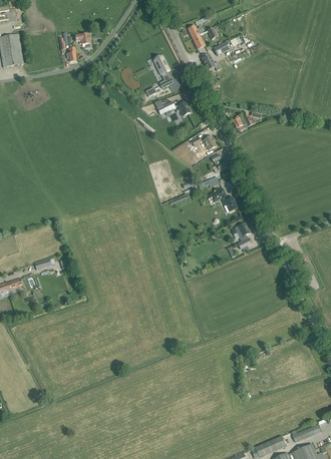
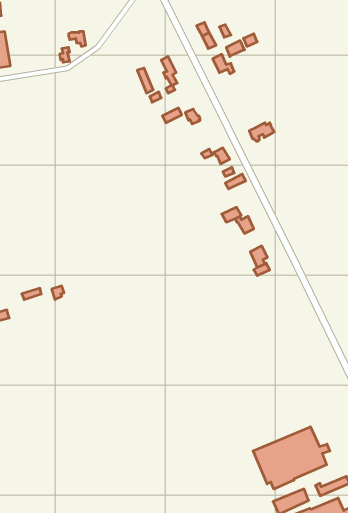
building: none -> [253,427,330,489]

